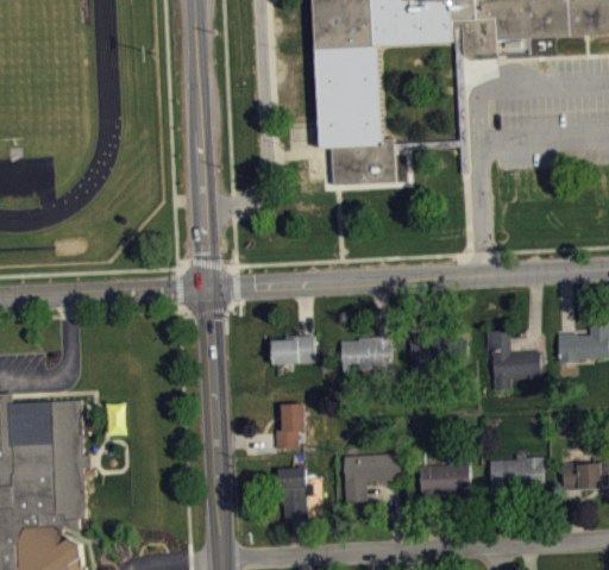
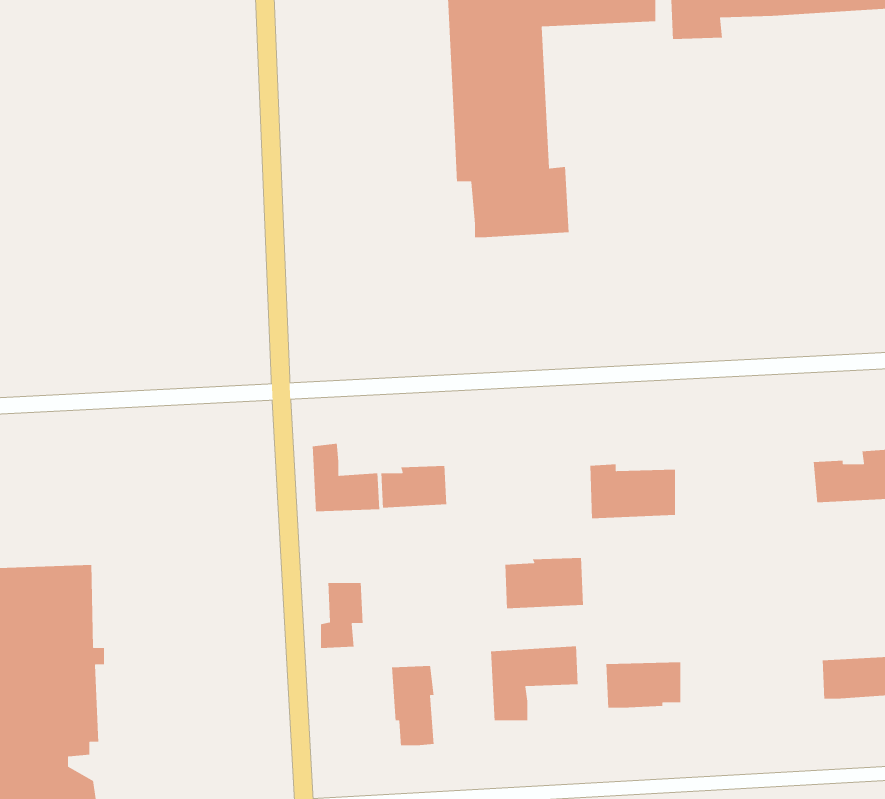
building: none -> [312,443,380,512]
building: [484,328,539,388] -> none
building: [339,336,391,370] -> [505,557,584,609]
building: [275,403,303,447] -> [320,582,363,649]
building: [488,455,542,493] -> none

